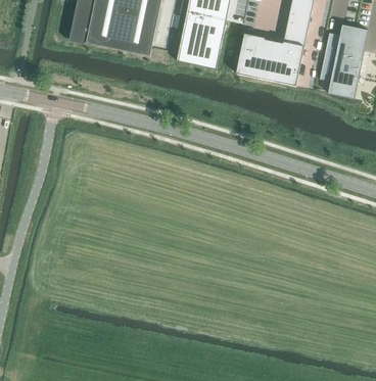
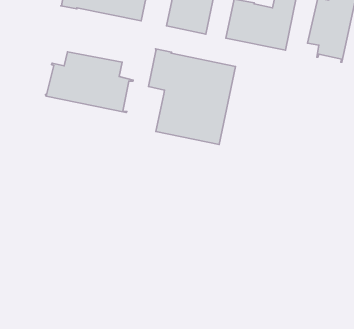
building: none -> [148,49,235,145]
building: none -> [46,52,133,113]

